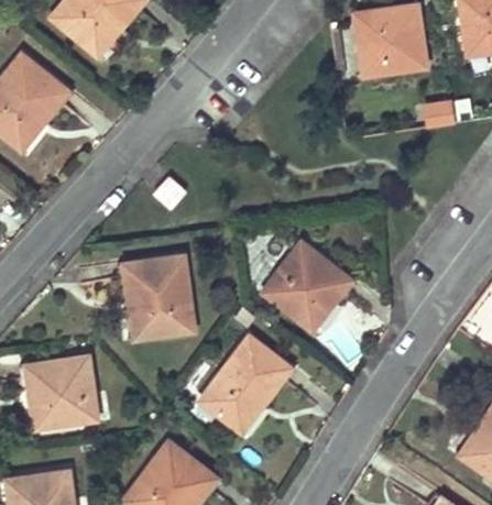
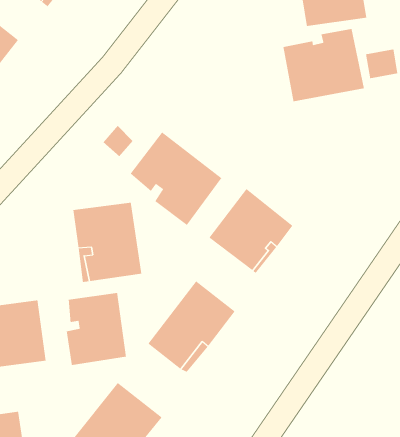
building: none -> [283,28,365,102]
building: none -> [130,132,222,226]
building: none -> [66,292,127,366]

